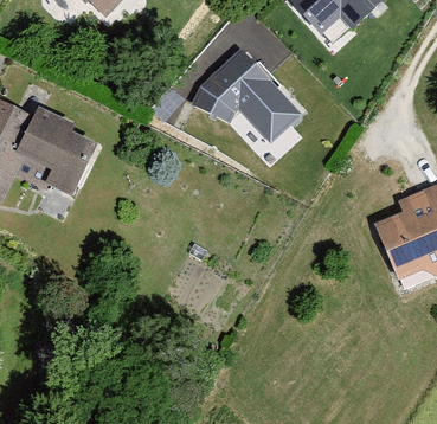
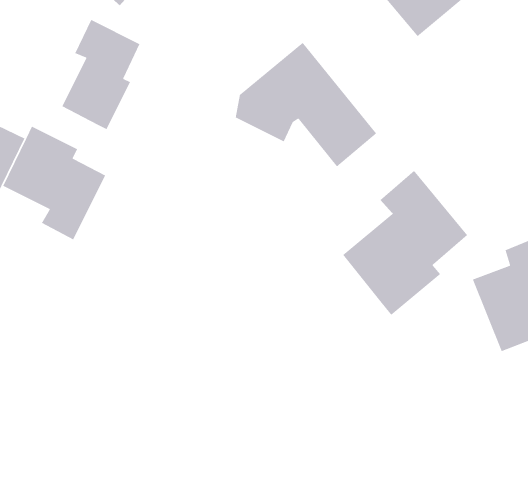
building: none -> [61,19,141,130]
building: none -> [342,170,468,316]

